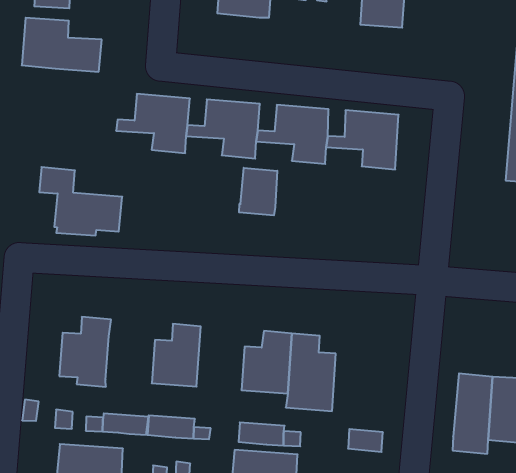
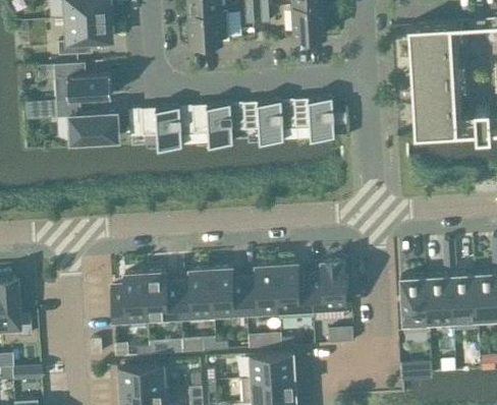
building: [39,167,122,235] -> [55,100,117,147]
building: [239,168,277,215] -> none
building: none -> [145,274,180,319]
building: none -> [210,270,245,320]
building: none -> [310,263,345,308]

